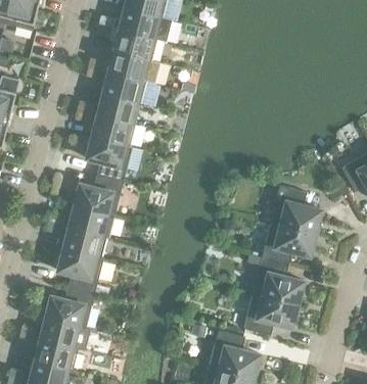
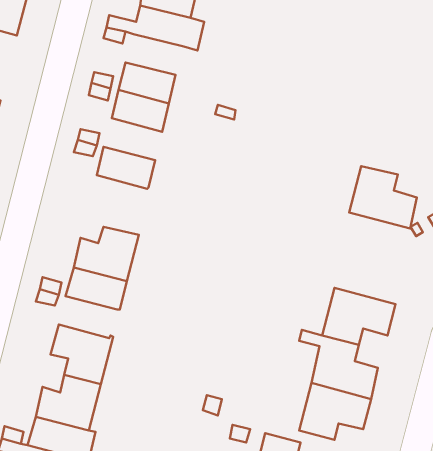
building: [113,30,157,60] -> none
building: [97,93,141,125] -> none
building: [86,136,133,181] -> none
building: [271,186,322,233] -> [349,166,417,229]
building: [63,227,107,258] -> none

